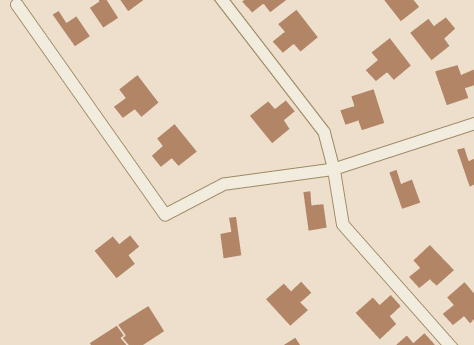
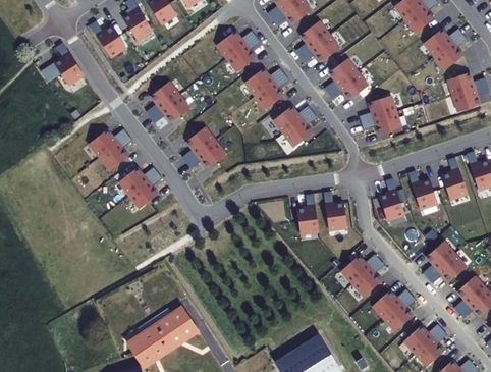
building: none -> [216,32,260,73]
building: none -> [55,45,84,86]
building: [365,37,412,82] -> [324,60,368,102]
building: none -> [245,68,289,110]
building: none -> [90,131,133,173]
building: none -> [442,158,468,199]
building: none -> [380,178,405,220]
building: [219,216,242,259] -> [297,195,319,234]
building: [93,235,140,279] -> [119,169,163,211]
building: [265,281,312,326] -> [341,255,385,298]

